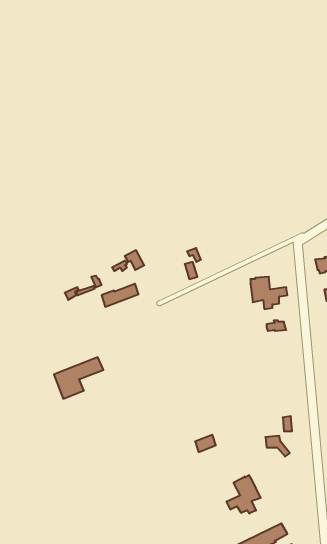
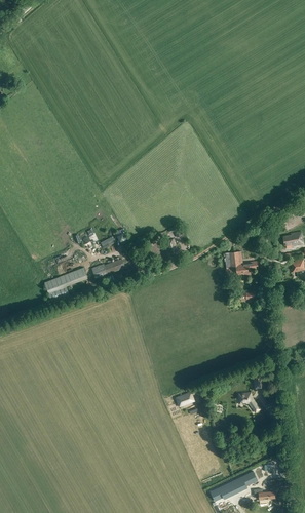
building: [54,357,103,399] -> [44,268,88,305]
building: [227,475,261,514] -> none

